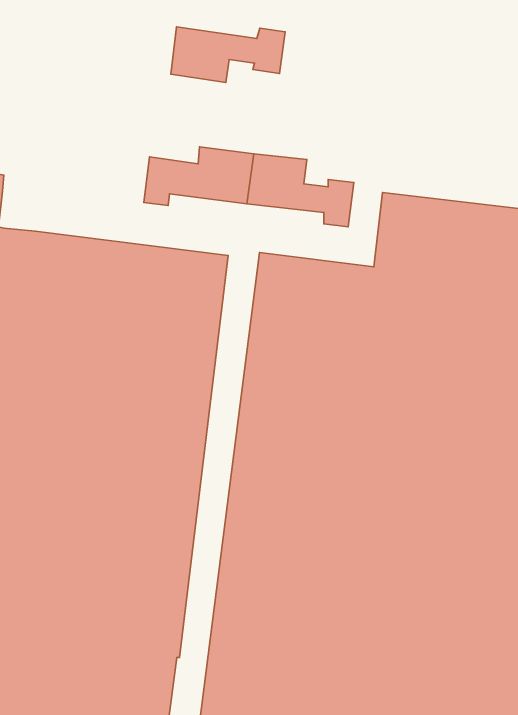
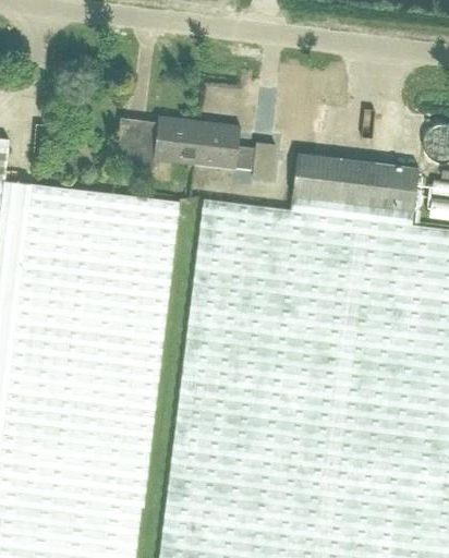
building: [171,27,285,82] -> none

